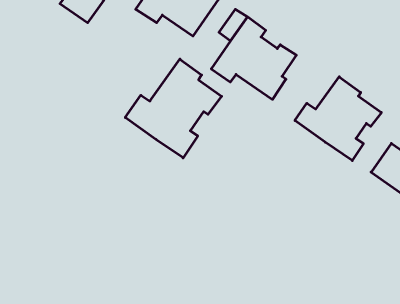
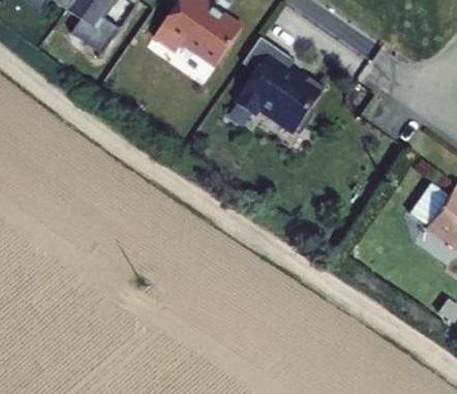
building: [125,59,222,158] -> none
building: [295,77,381,161] -> none

